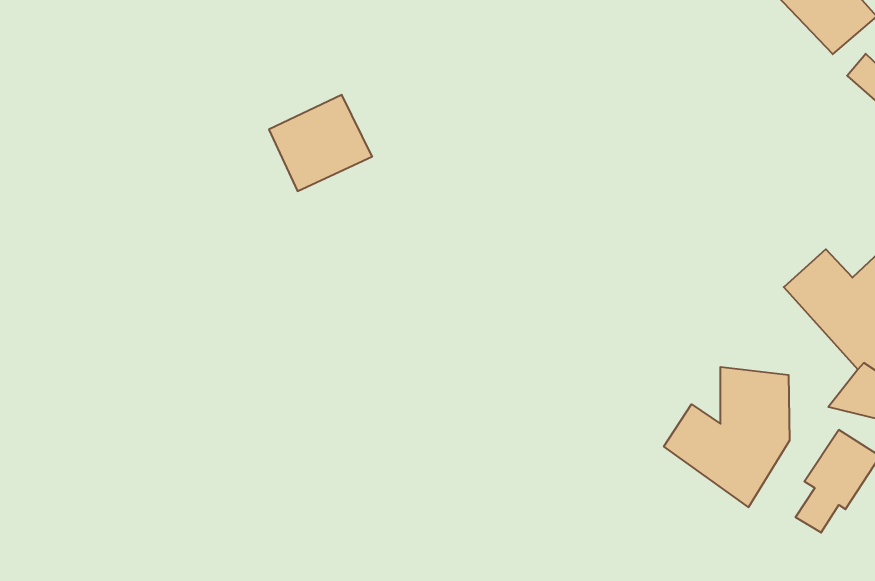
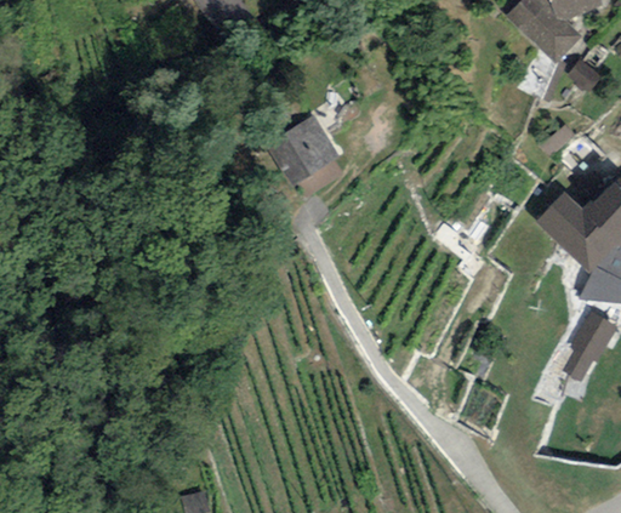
building: [269,95,372,191] -> [268,115,338,182]
building: [664,367,790,507] -> none

